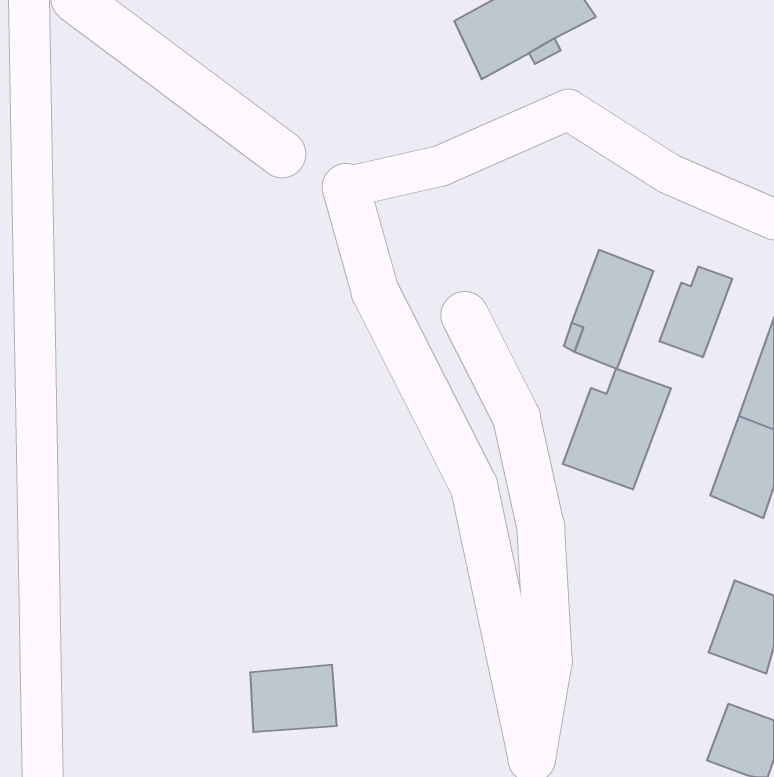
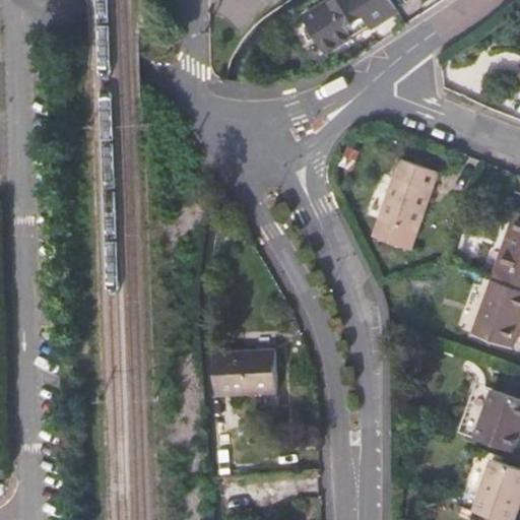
building: [659,267,732,357] -> none
building: [563,368,671,490] -> none
building: [250,665,337,732] -> [211,352,269,397]

